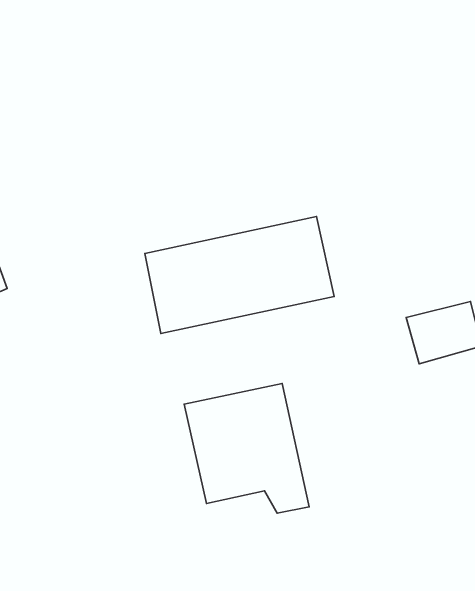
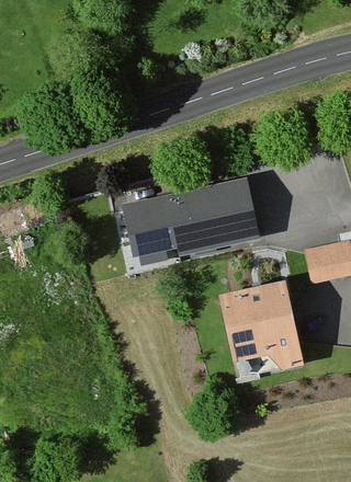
building: [184,383,309,513] -> [220,280,306,369]

